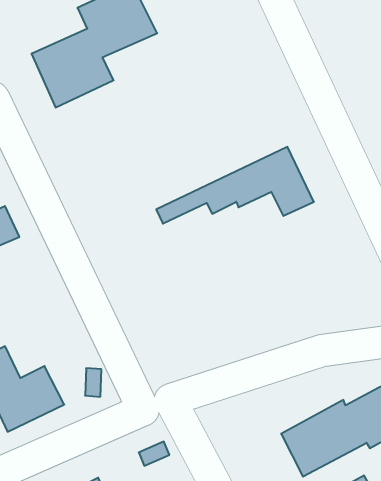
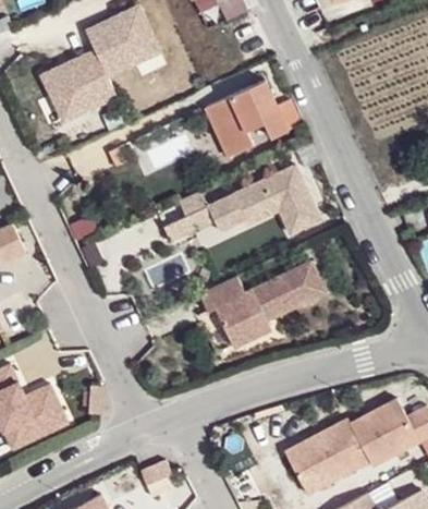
building: none -> [201,80,284,158]
building: none -> [198,263,325,348]

